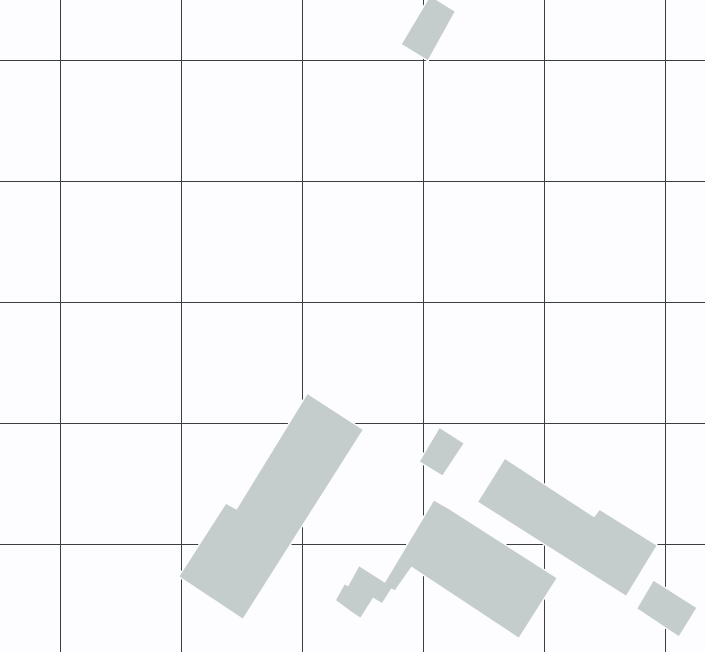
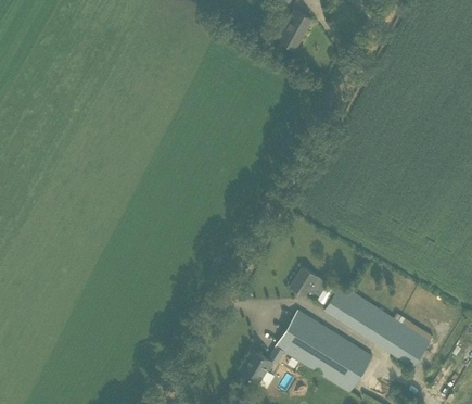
building: [179,393,363,619] -> none
building: [637,580,697,637] -> none

